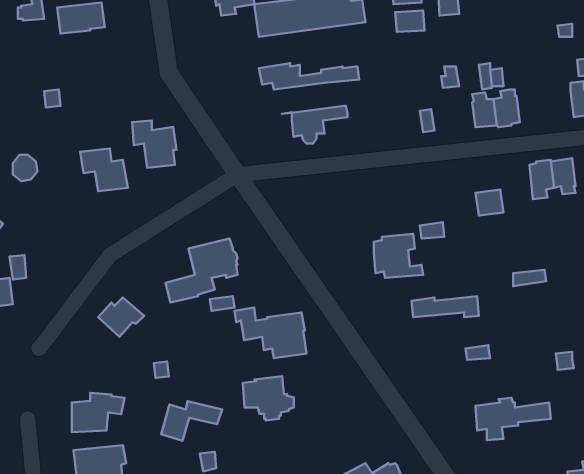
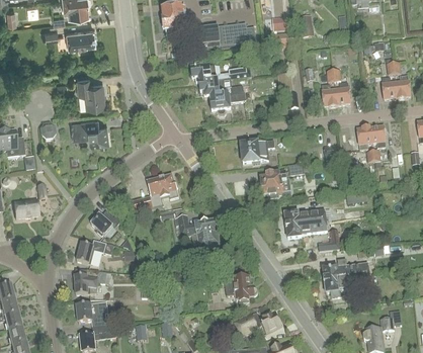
building: none -> [199,78,243,97]
building: [132,120,177,168] -> [77,78,104,107]
building: none -> [240,140,274,164]
building: none -> [285,219,327,238]
building: [243,376,294,421] -> [226,275,257,302]
building: none -> [322,259,369,278]
building: [161,401,222,441] -> [77,240,114,264]

